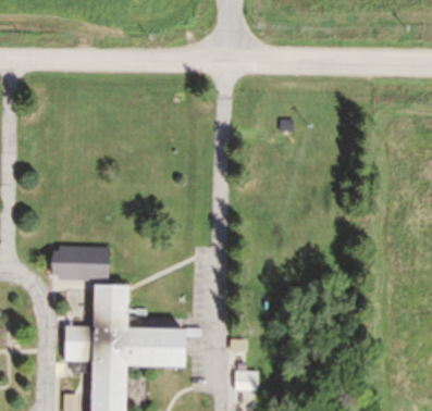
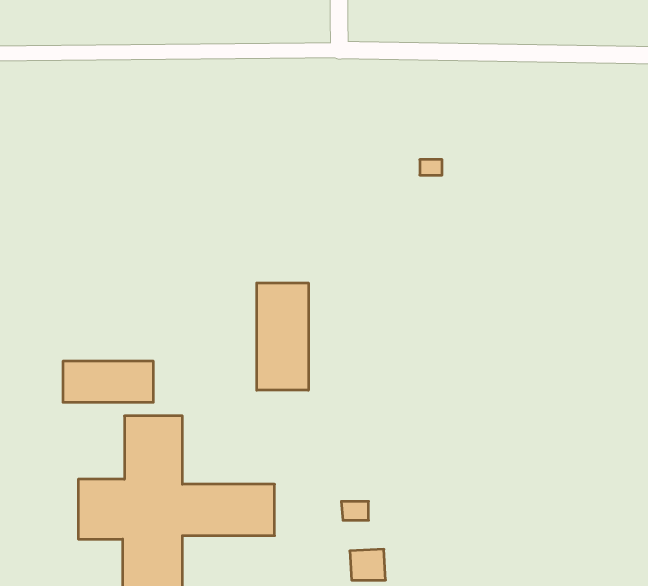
building: none -> [257,283,308,390]

